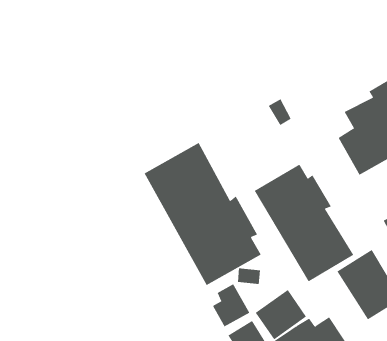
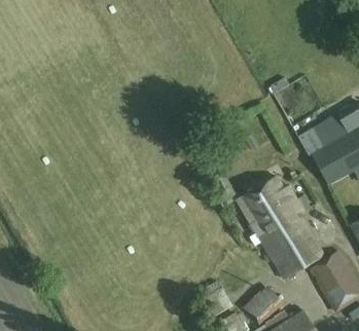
building: [144,142,261,286] -> none

